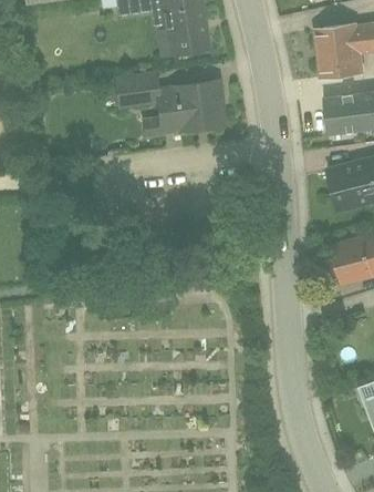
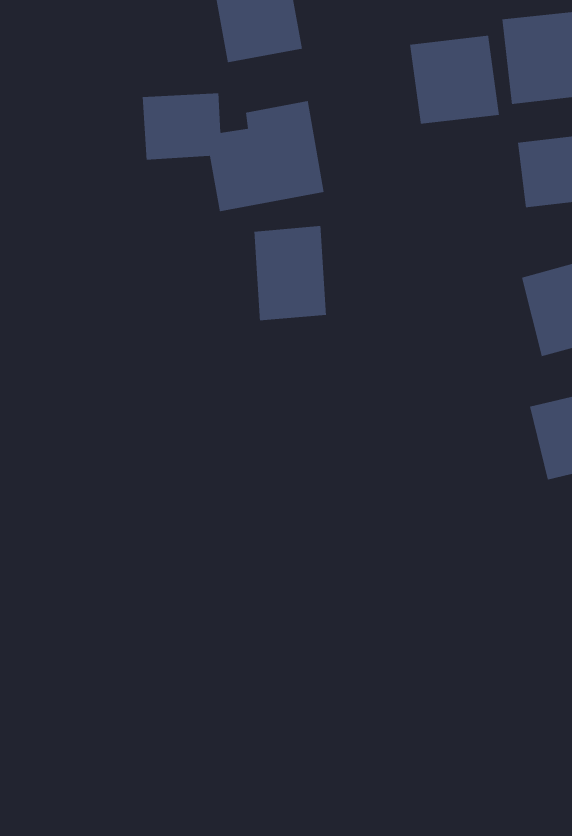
building: none -> [410,35,499,125]
building: none -> [254,225,326,321]

